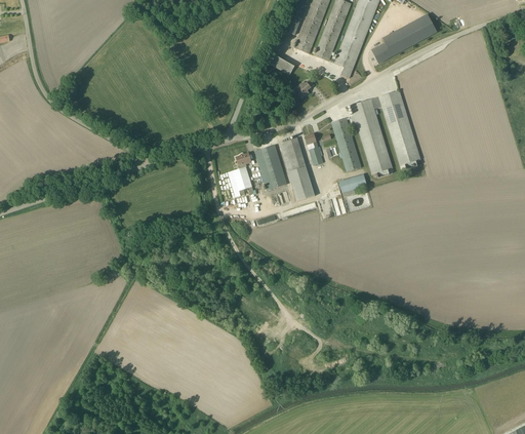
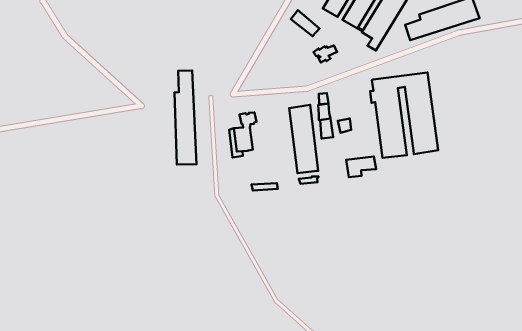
building: [331,117,361,170] -> none
building: none -> [175,70,196,165]
building: [254,144,287,190] -> none

